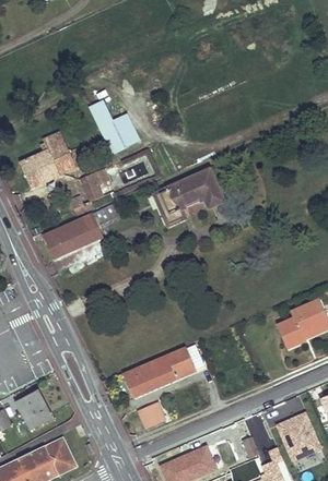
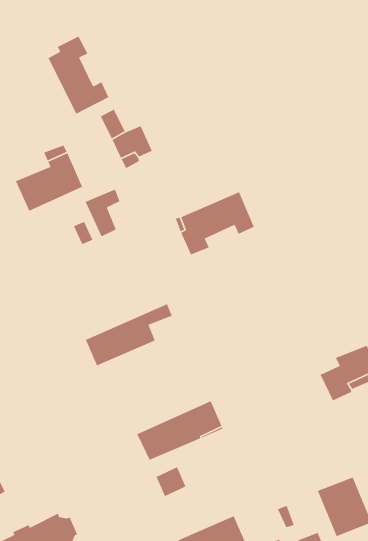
building: none -> [47,36,110,115]
building: [43,205,117,258] -> [85,303,173,367]
building: [15,389,52,428] -> none

